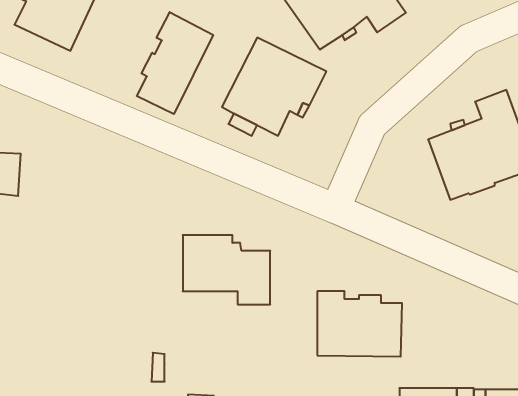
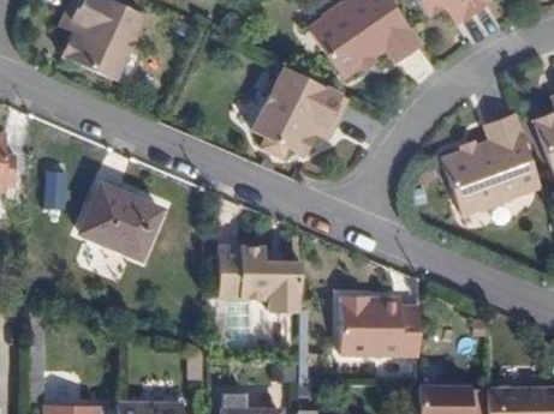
building: [137,12,213,114] -> none
building: none -> [77,181,162,260]

